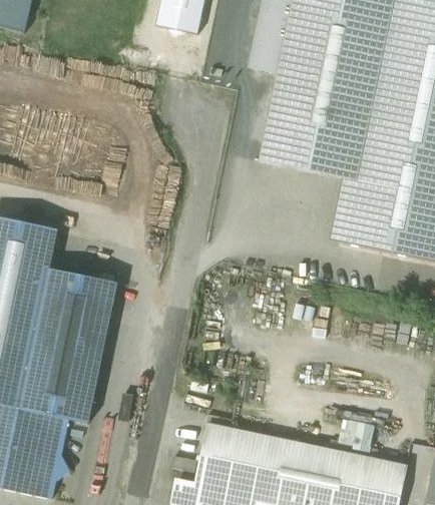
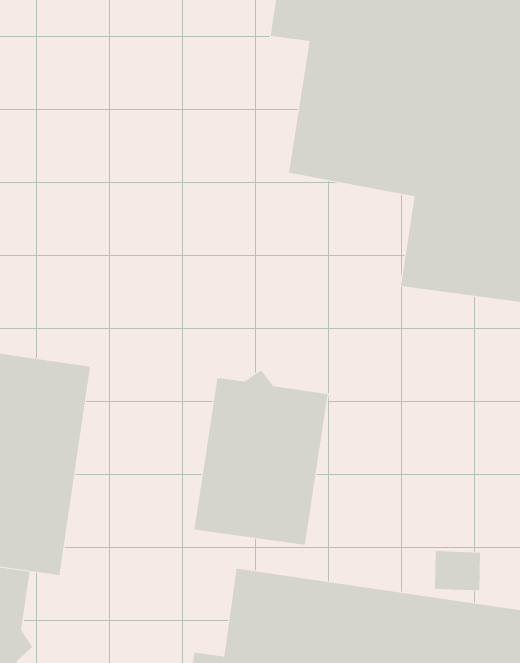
building: none -> [194,370,328,545]

